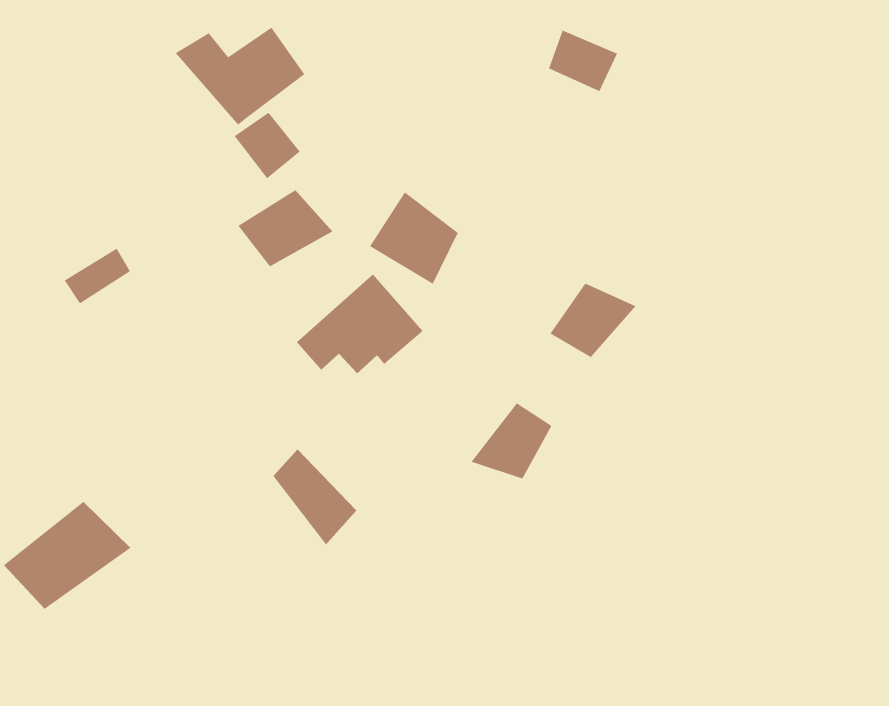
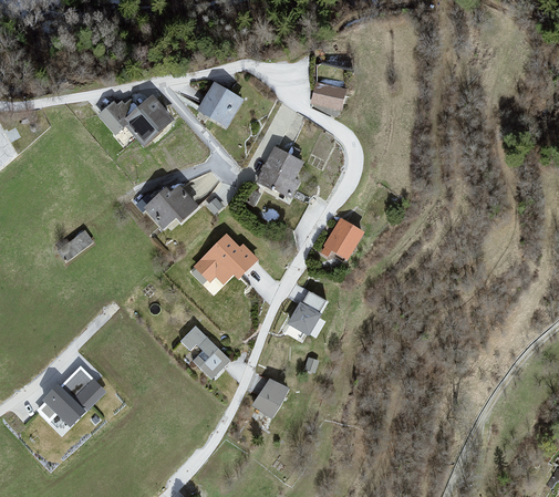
building: none -> [199,81,241,127]
building: [234,112,301,179] -> none
building: [369,191,459,285] -> [252,147,301,197]
building: none -> [249,375,293,417]

